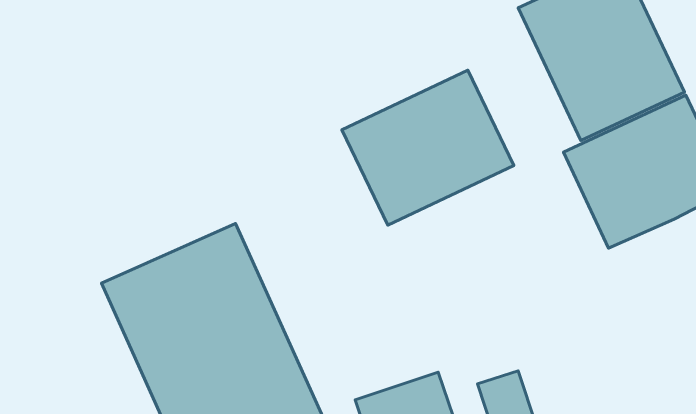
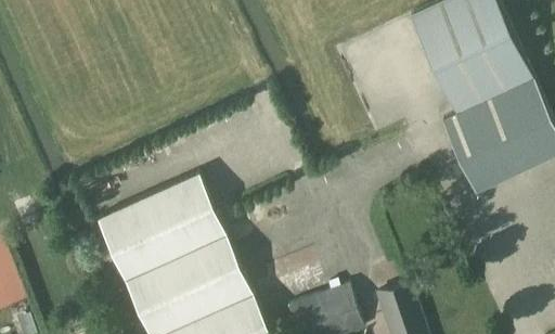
building: [342,70,514,225] -> none

